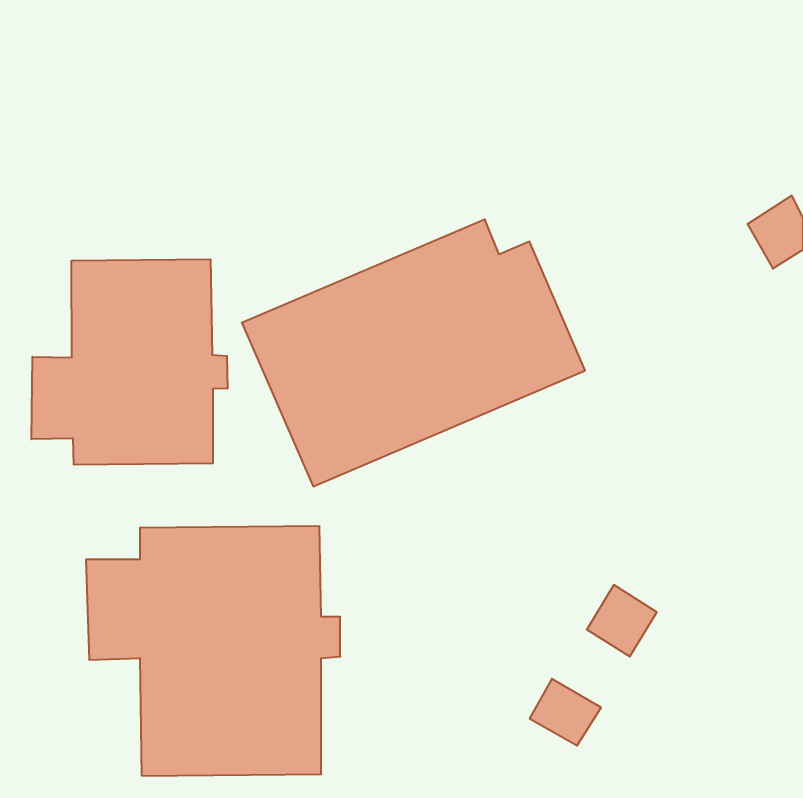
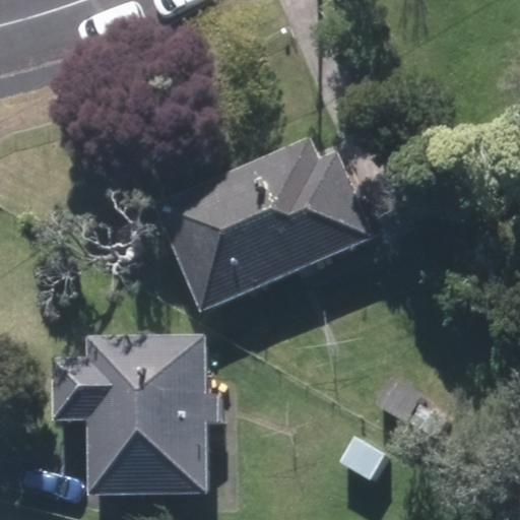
building: [31,259,227,465] -> none

